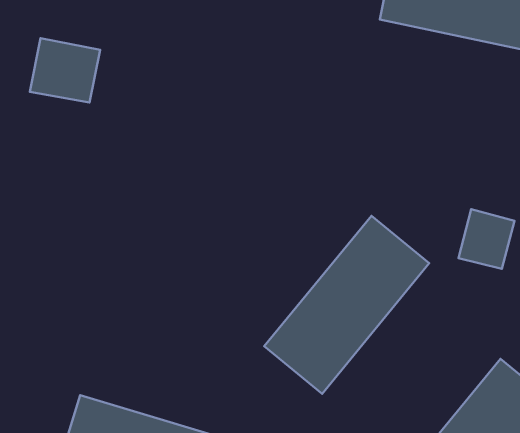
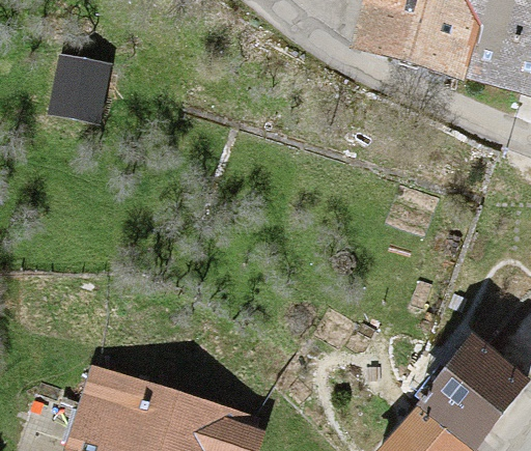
building: [264,216,429,394] -> none

